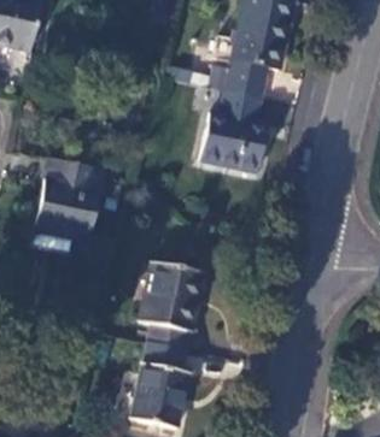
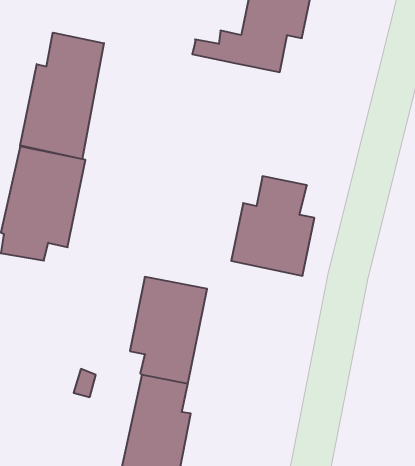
building: none -> [20,33,104,159]
building: [200,93,268,173] -> [231,176,314,276]

